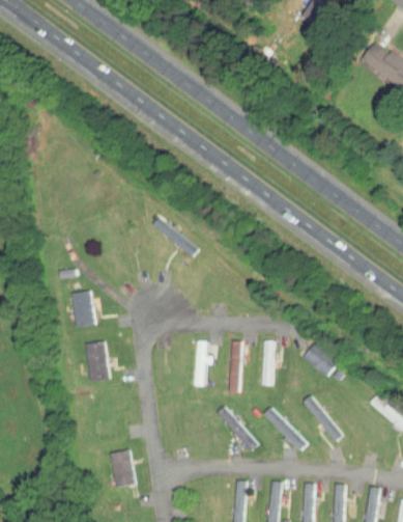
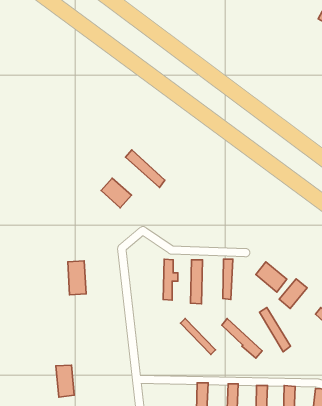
building: none -> [101,178,131,208]
building: [74,291,95,326] -> none
building: none -> [279,279,307,308]
building: [113,450,134,487] -> [56,365,74,397]

